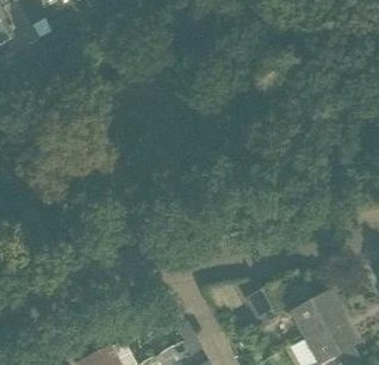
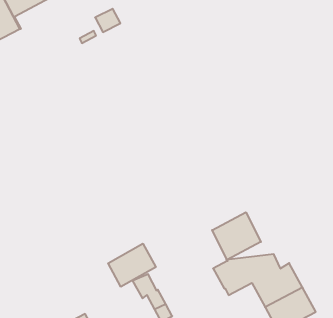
building: none -> [212,212,261,260]
building: none -> [108,244,156,287]

